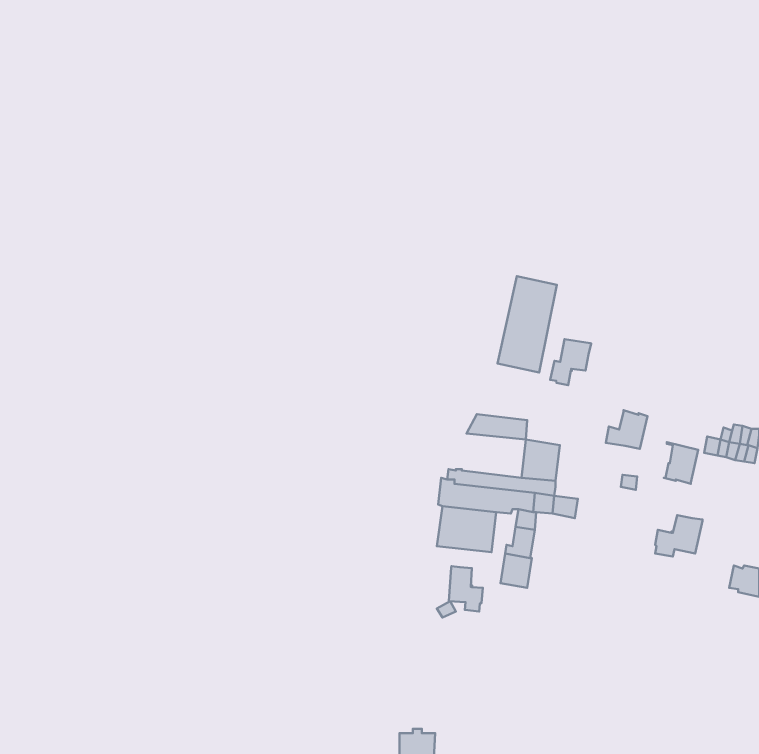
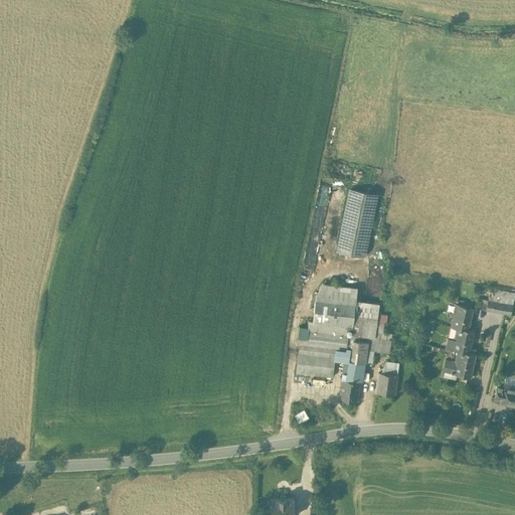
building: [550,339,591,385] -> none
building: [606,410,647,449] -> [446,328,474,354]
building: none -> [313,297,356,327]
building: none -> [376,372,398,396]
building: [449,566,483,611] -> none

